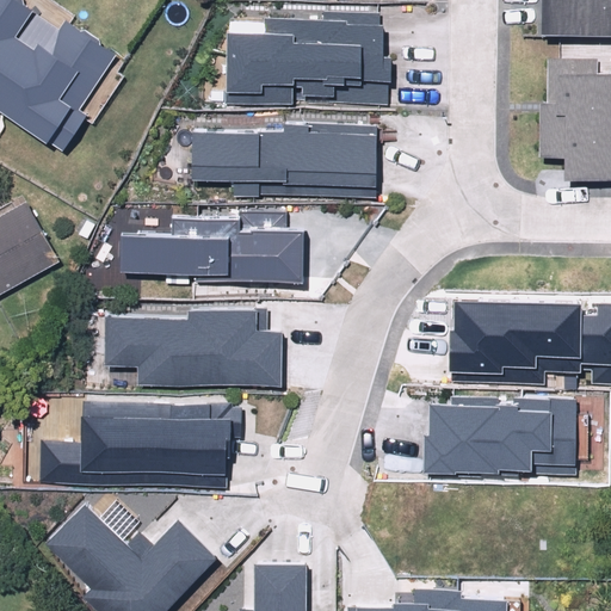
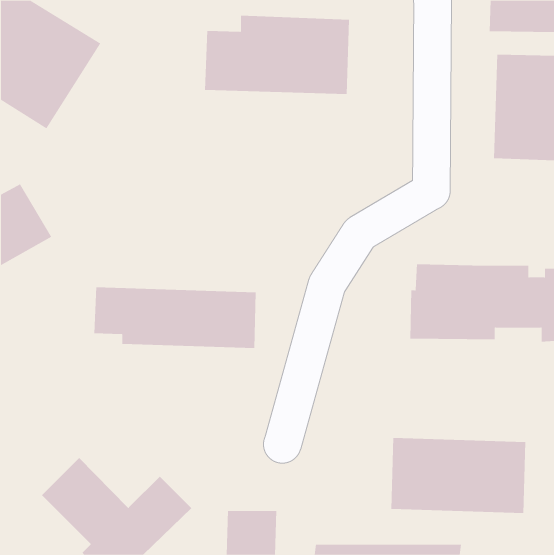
building: [189,130,378,200] -> none
building: [118,218,306,282] -> none
building: [425,394,574,477] -> [390,438,526,514]
building: [39,400,234,483] -> none

